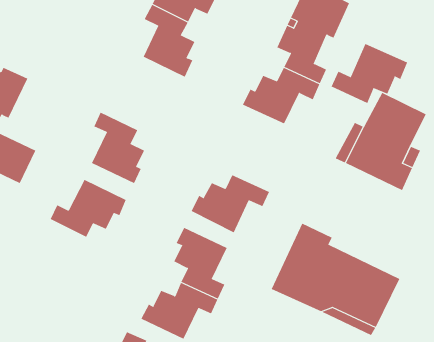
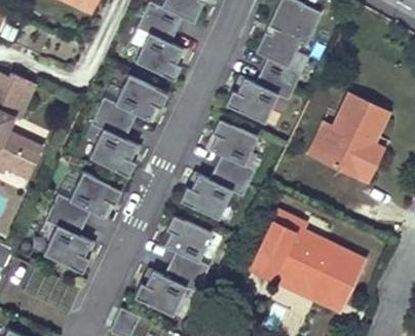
building: [331,43,408,104] -> none
building: none -> [98,75,167,127]
building: none -> [210,118,257,183]
building: none -> [43,208,91,272]

